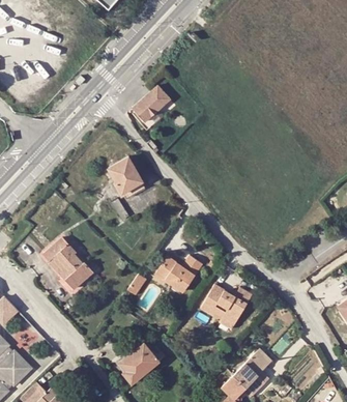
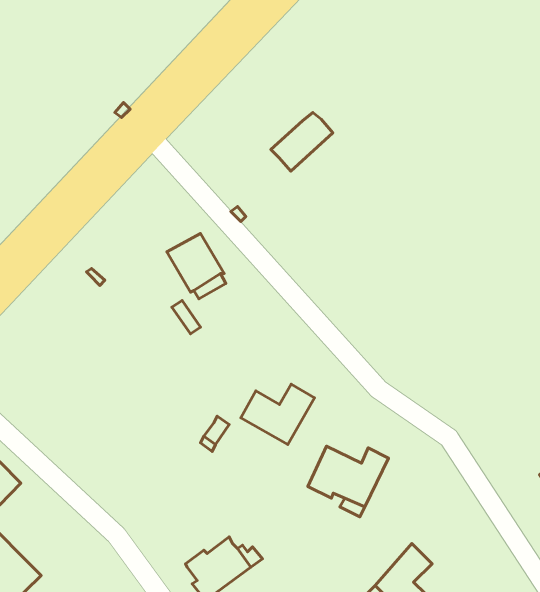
building: [132,86,170,122] -> [271,113,333,171]
building: [44,238,93,289] -> none

